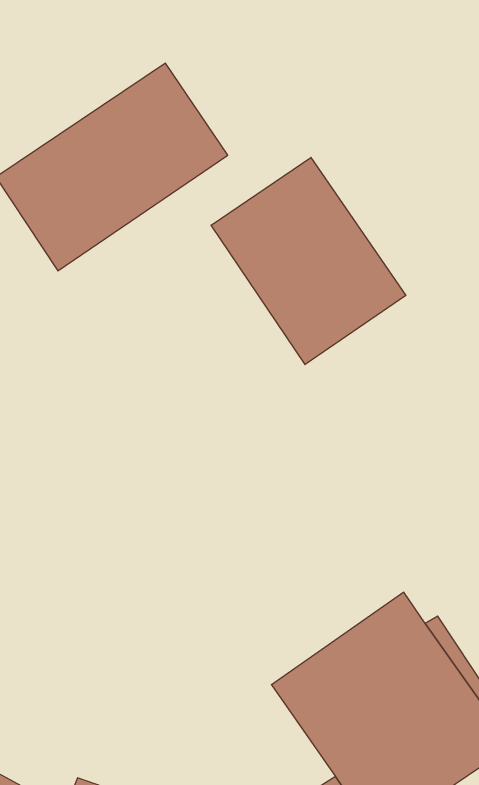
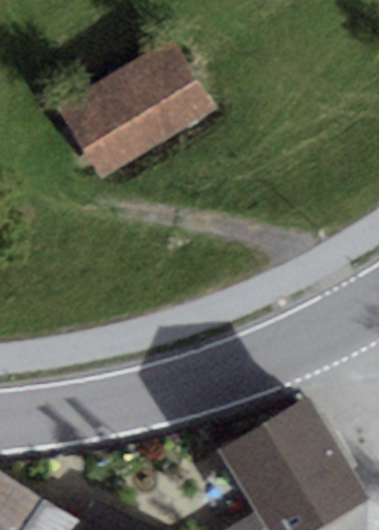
building: [211,157,406,365] -> none

